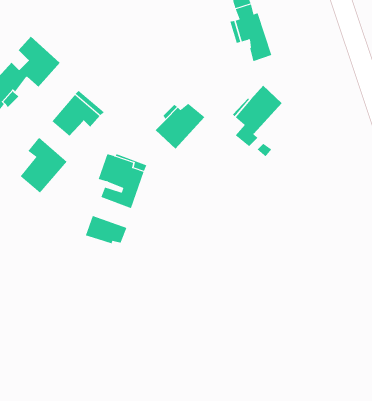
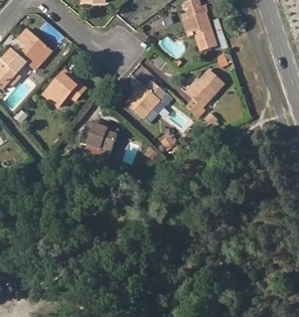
building: [20,137,67,194] -> none
building: [85,215,127,244] -> none

